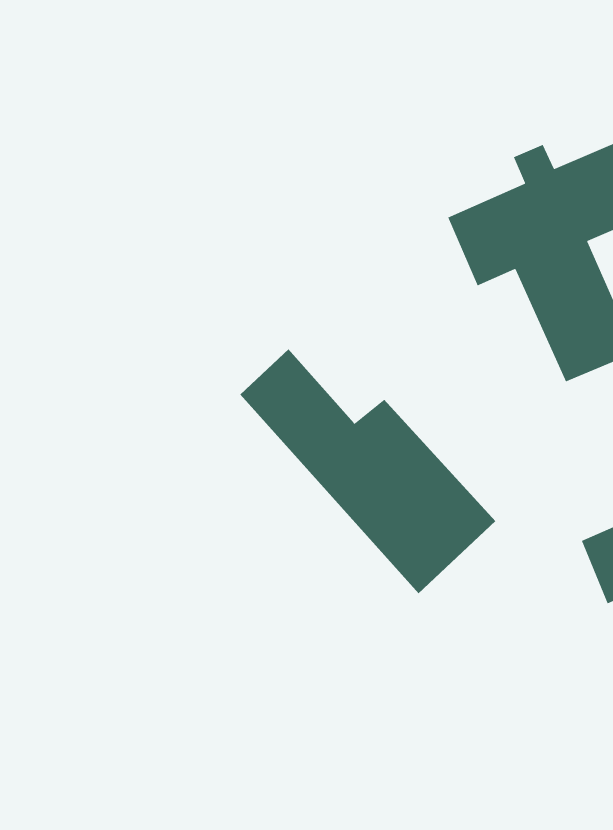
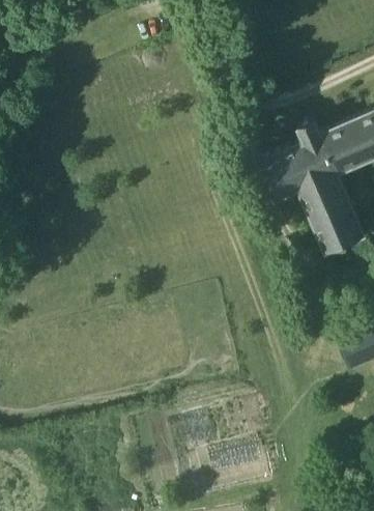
building: [239,349,496,594] -> none

